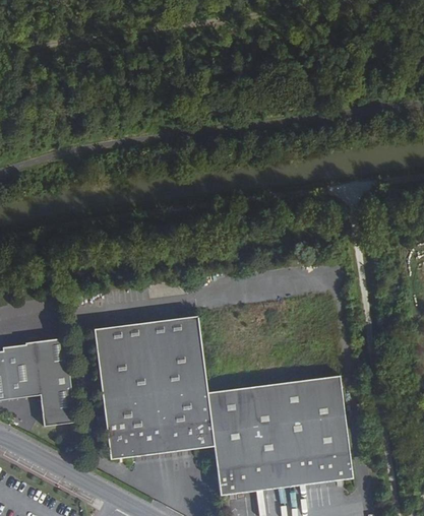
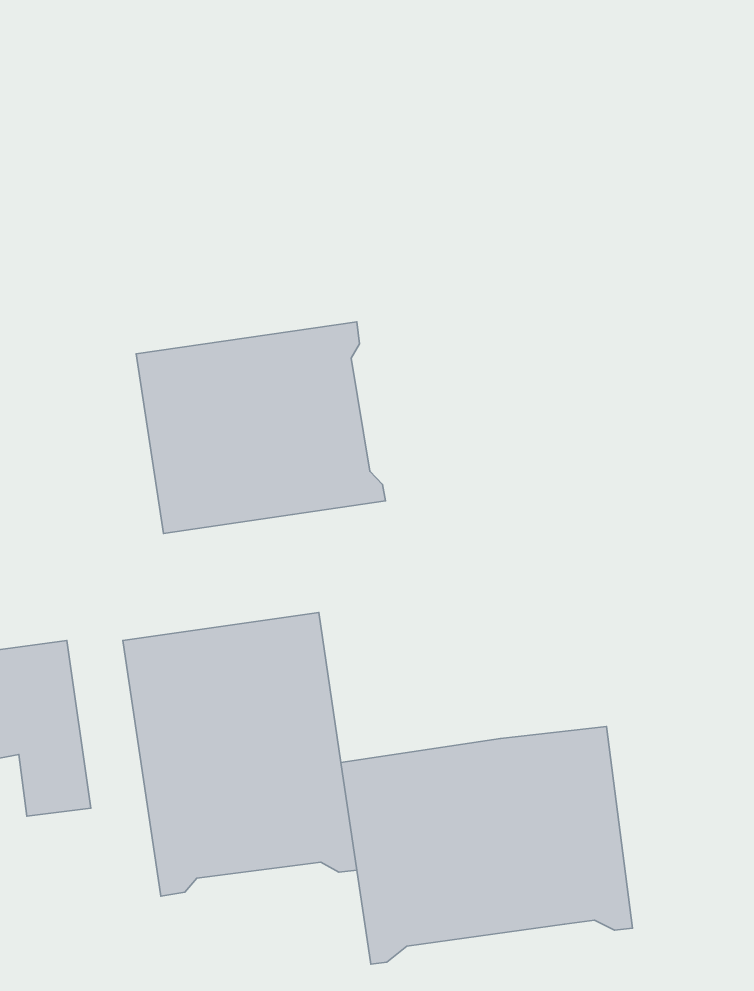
building: none -> [136,322,386,534]

